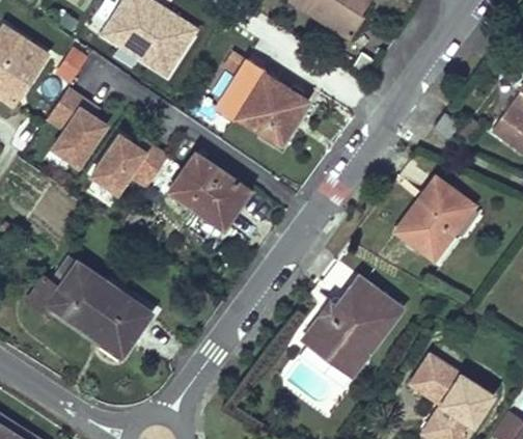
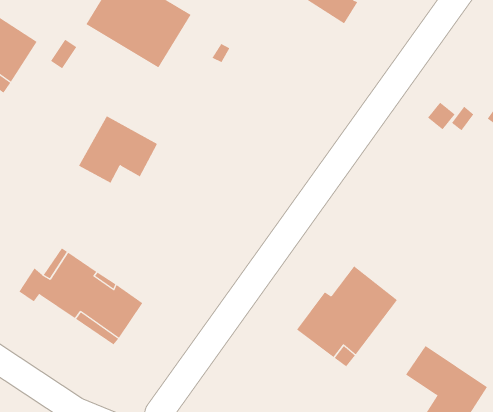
building: [216,59,307,144] -> none
building: [44,89,111,169] -> none
building: [170,154,249,228] -> none
building: [396,179,474,260] -> none

